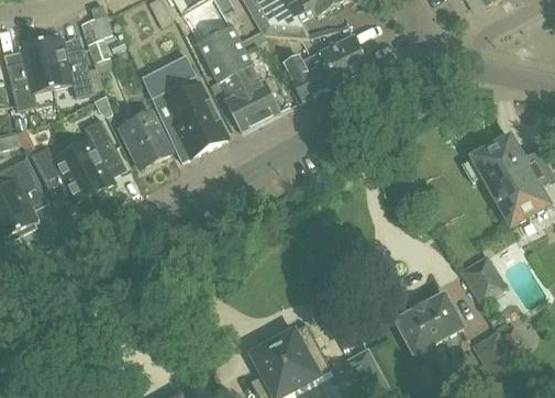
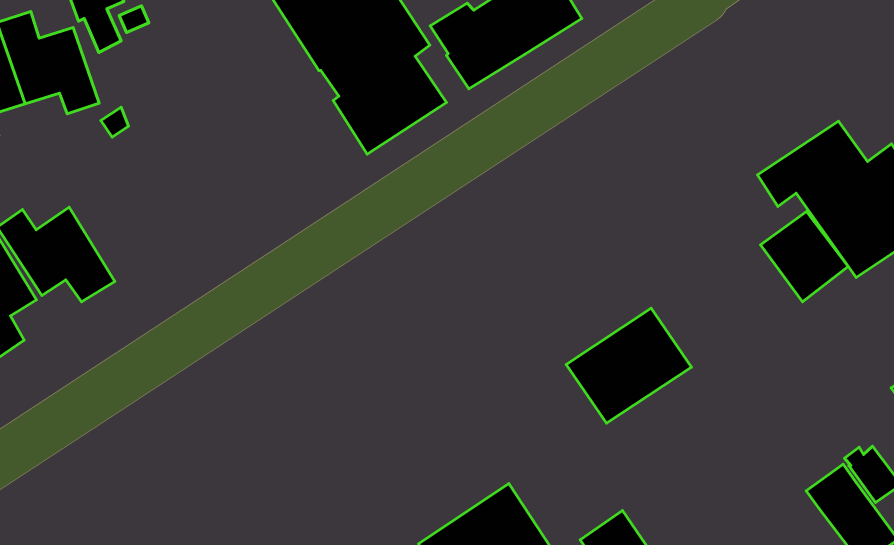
building: [142,54,229,162] -> none
building: [119,112,171,168] -> none
building: [71,118,121,191] -> none
building: [459,254,508,305] -> [760,212,848,302]
building: [393,292,464,355] -> [566,308,691,423]

